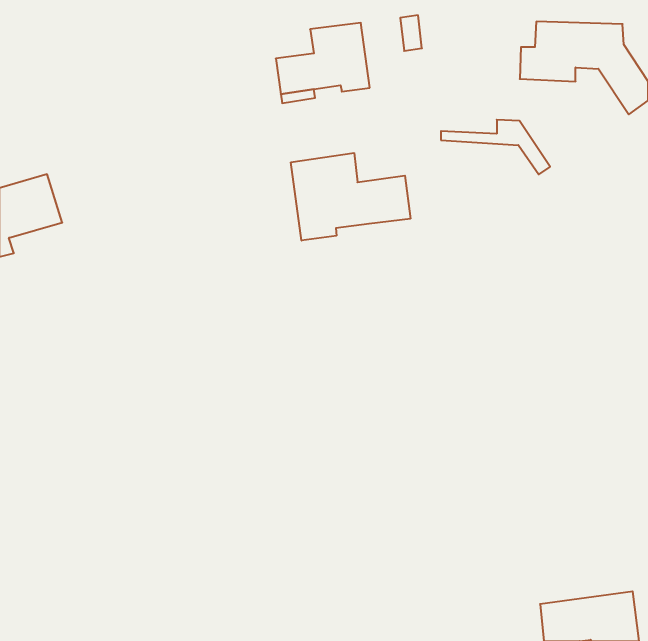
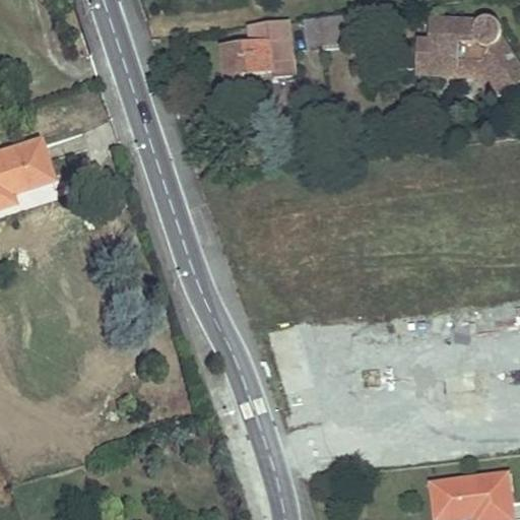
building: [441,120,550,174] -> [415,54,503,98]
building: [291,153,410,241] -> none

